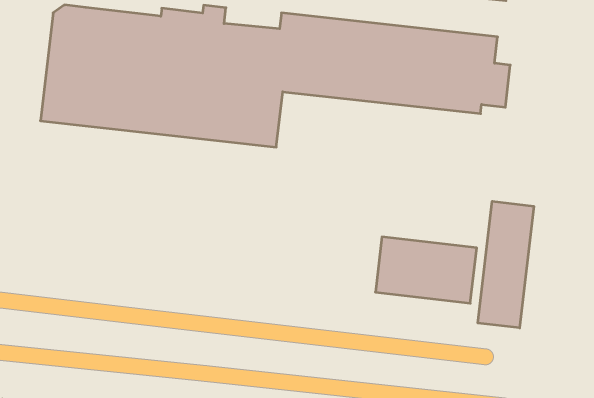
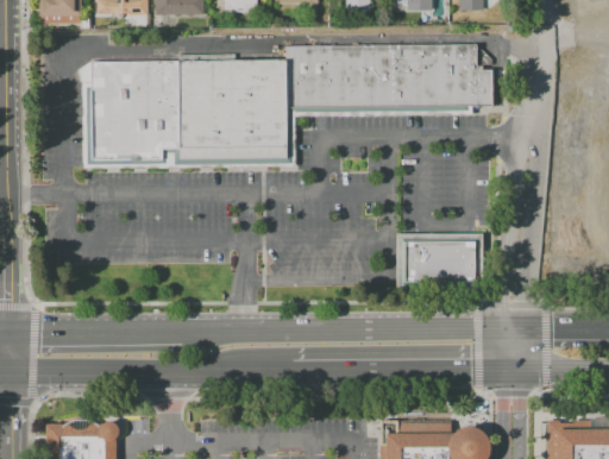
building: [478,201,534,328] -> none

